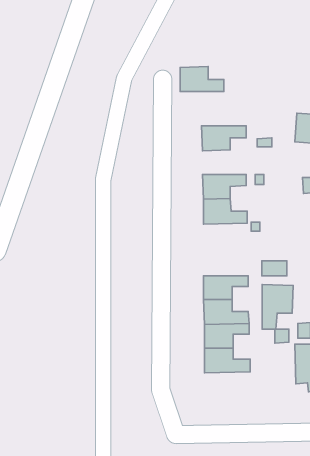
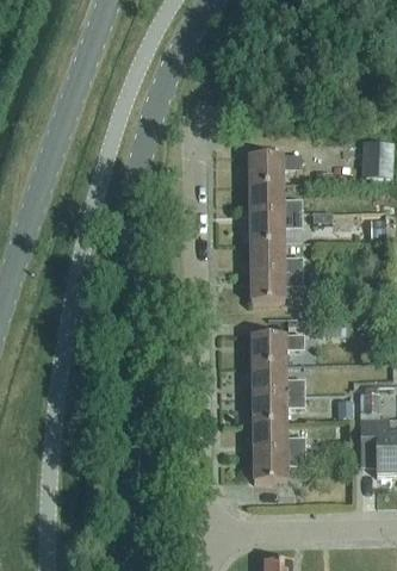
building: [180,67,224,91] -> [249,184,302,213]
building: none -> [250,272,303,302]
building: [262,285,293,329] -> none
building: none -> [252,451,306,480]

